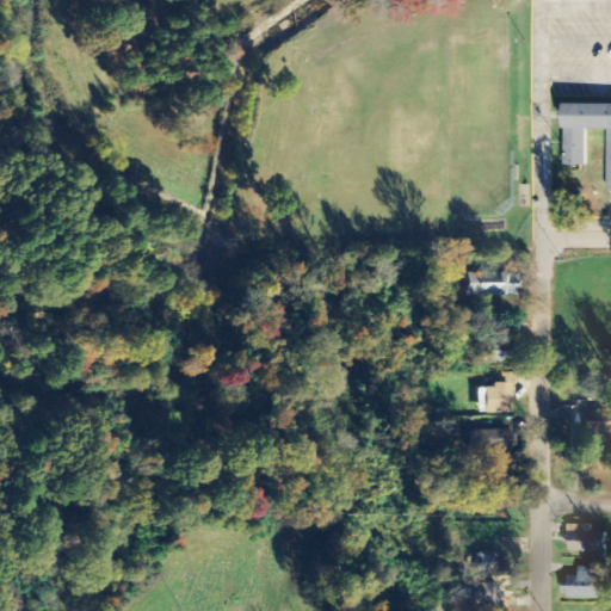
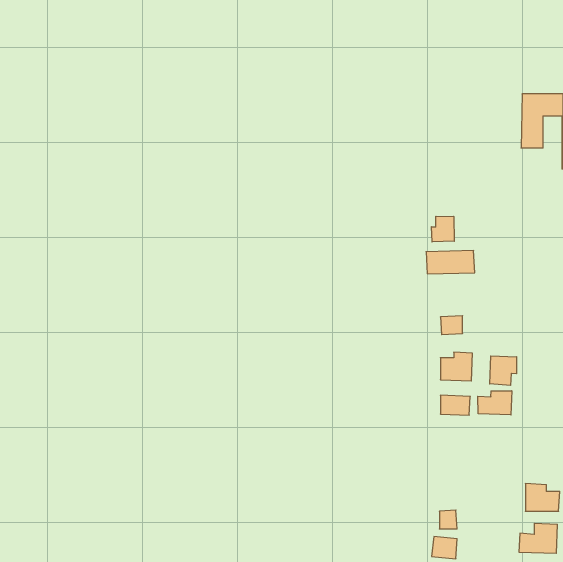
building: none -> [431,216,454,242]
building: none -> [490,356,517,385]
building: none -> [478,391,512,415]

